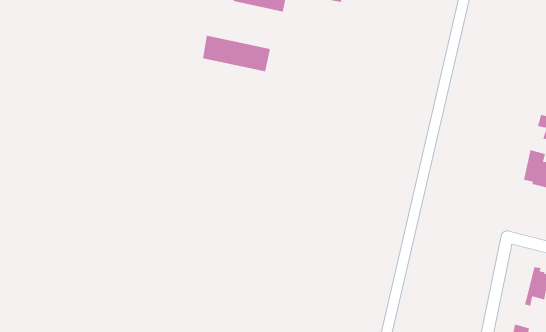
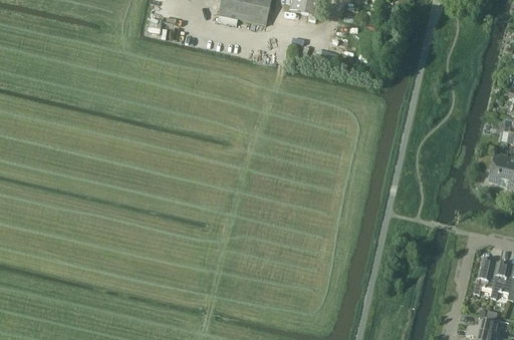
building: [203,35,271,72] -> none
building: none -> [474,257,499,294]

